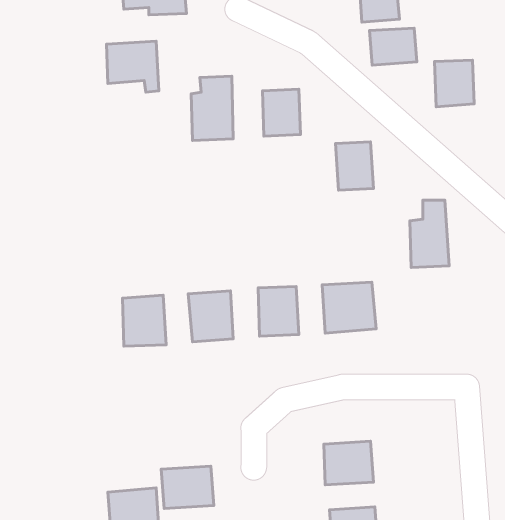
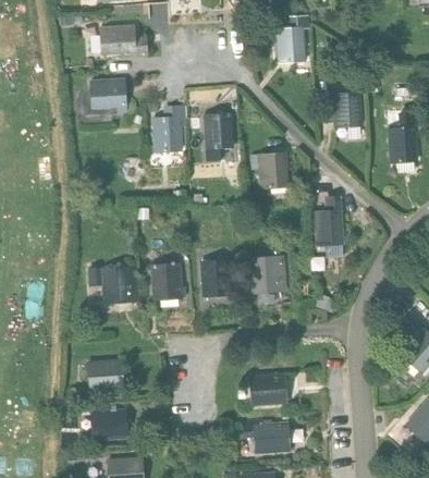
building: [369,28,417,65] -> none
building: [161,466,214,508] -> [85,360,124,392]

